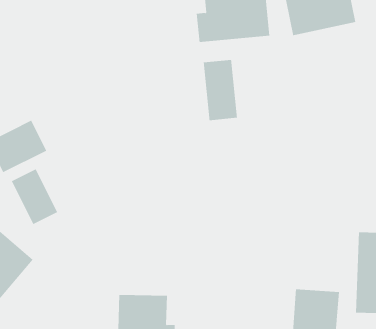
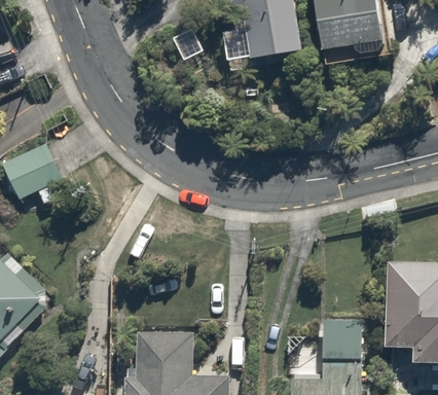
building: [203,59,237,121] -> none
building: [11,168,58,225] -> none

